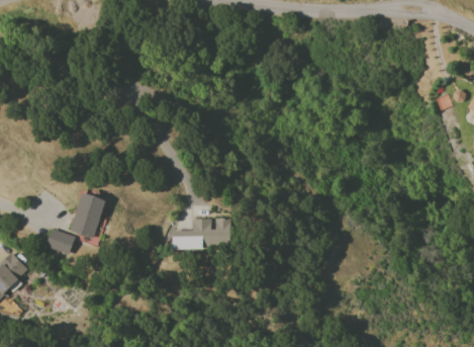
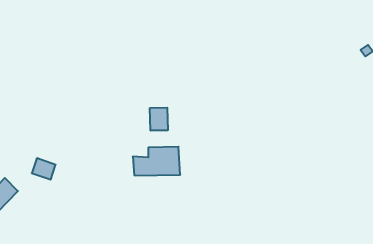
building: none -> [150,108,168,131]
building: [70,192,106,240] -> none

